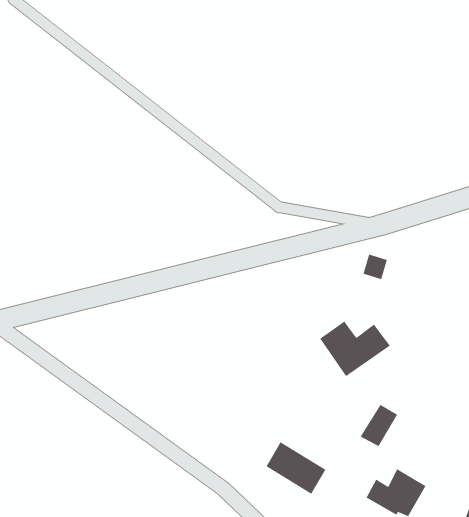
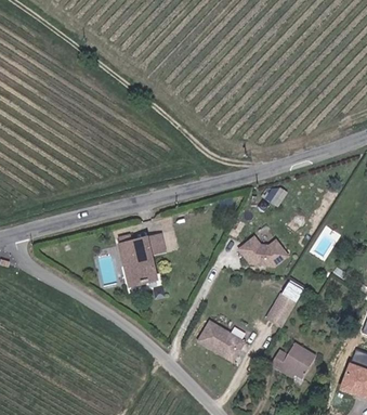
building: none -> [119,234,160,286]

